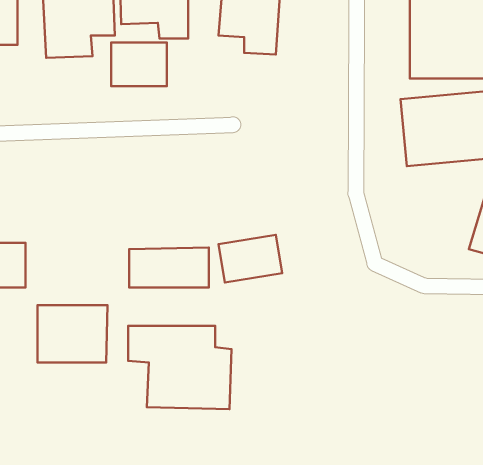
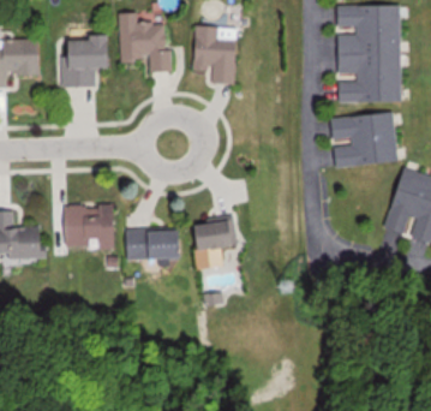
building: [111,42,167,86] -> none
building: [37,305,108,362] -> [65,204,118,248]
building: [128,326,232,409] -> none

